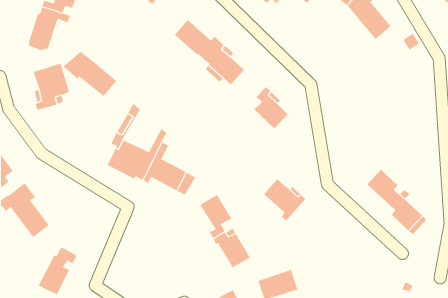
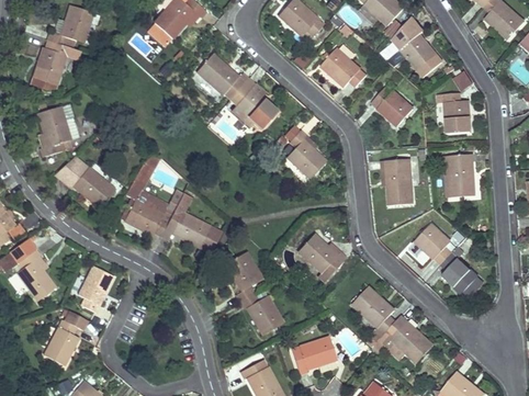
building: none -> [320,48,367,87]
building: none -> [371,86,413,126]
building: [63,51,117,97] -> [54,157,115,208]
building: none -> [443,93,470,134]
building: none -> [448,155,474,197]
building: none -> [385,159,413,205]
building: none -> [79,267,113,313]
building: none -> [352,286,432,363]

